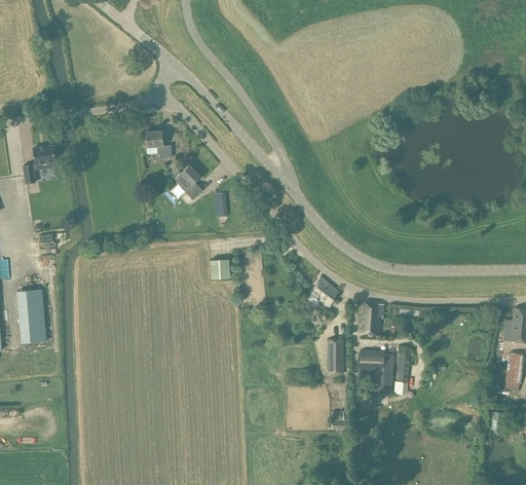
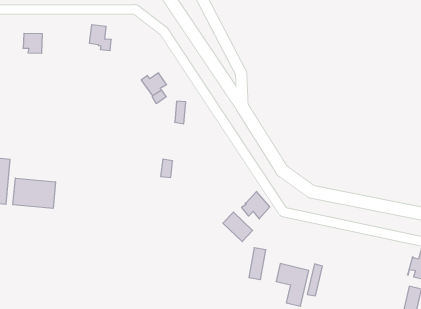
building: [146,130,172,157] -> [89,25,111,50]
building: [359,301,383,333] -> none
building: none -> [223,212,253,242]
building: none -> [13,178,55,208]

